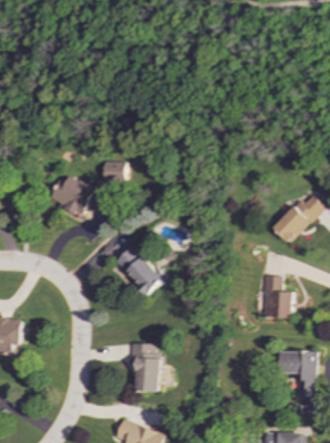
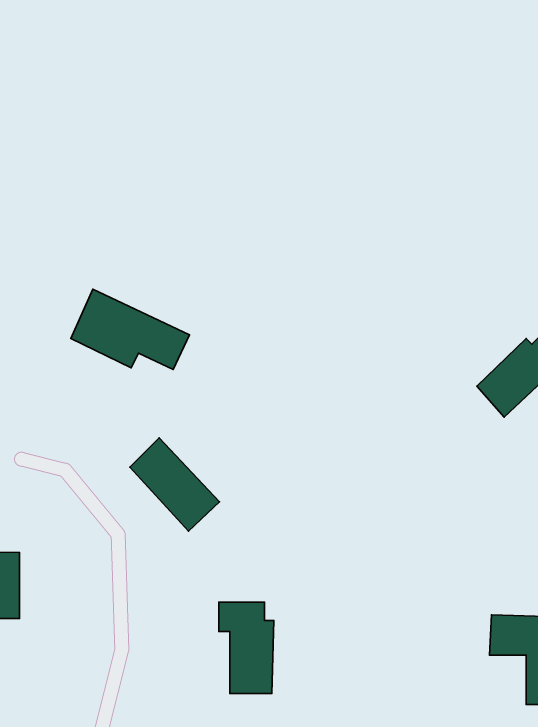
building: [103,161,124,189] -> none
building: [115,244,164,295] -> [130,438,220,531]
building: [261,275,291,318] -> none

